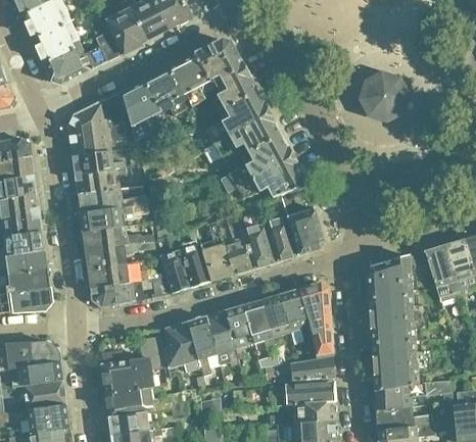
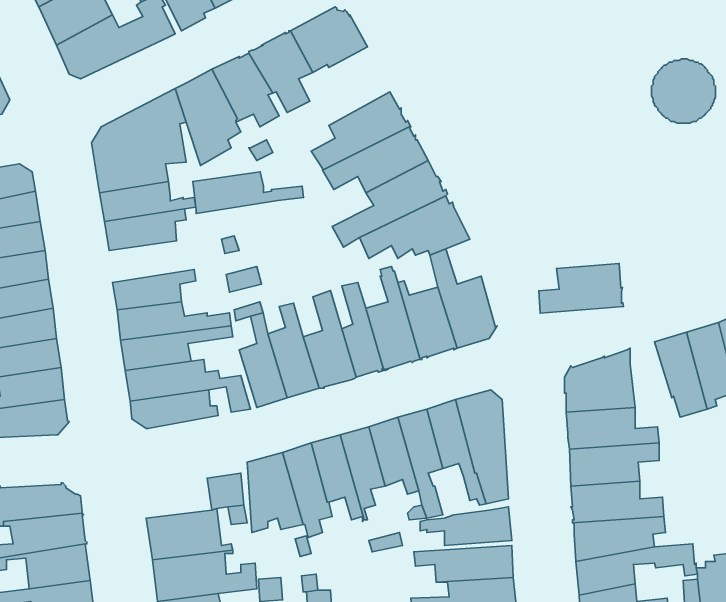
building: [208,63,256,113] -> none
building: [364,76,404,116] -> [651,59,716,123]
building: [78,187,148,213] -> [193,172,304,213]
building: none -> [539,263,623,313]

